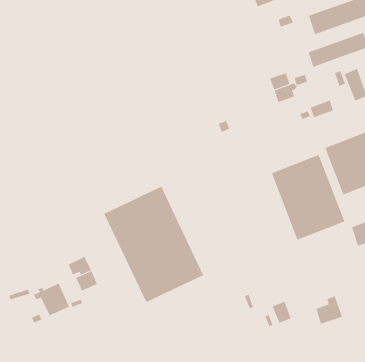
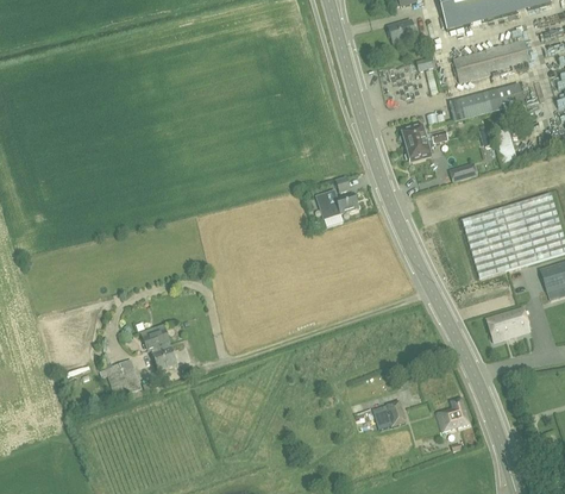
building: none -> [316,189,357,217]
building: [271,154,345,241] -> none
building: [104,186,204,303] -> none

